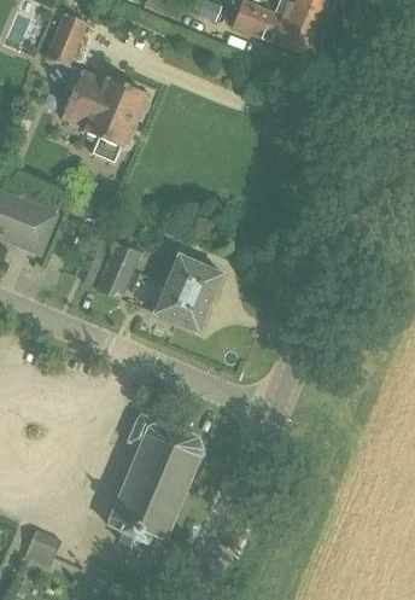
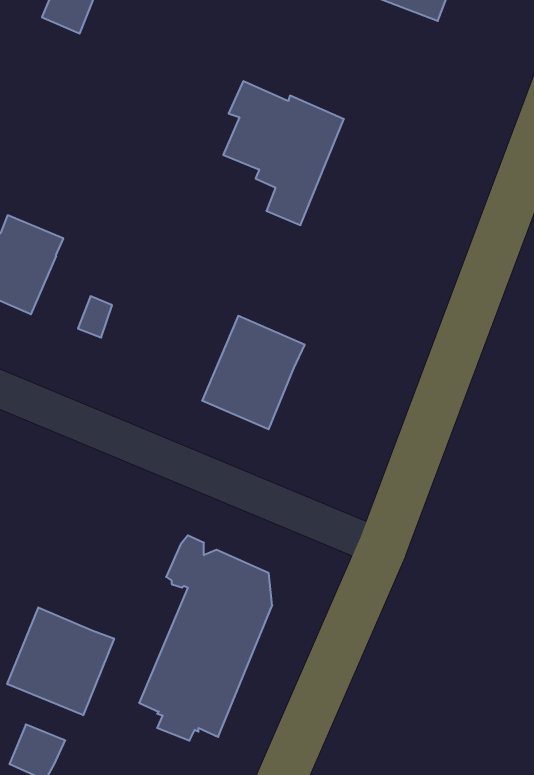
building: [63,66,144,163] -> [223,81,344,225]
building: [94,244,138,299] -> none
building: none -> [7,607,114,715]

